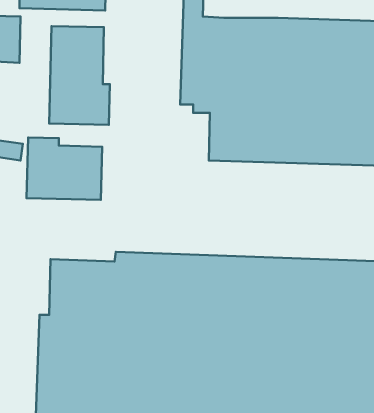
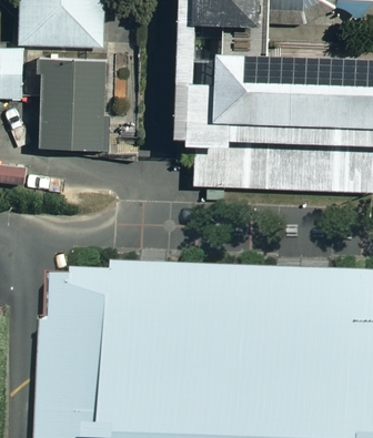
building: [27,138,102,200] -> none

